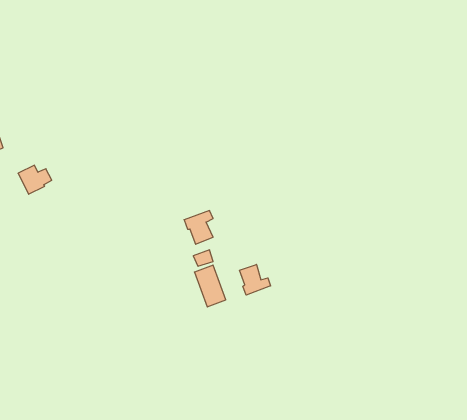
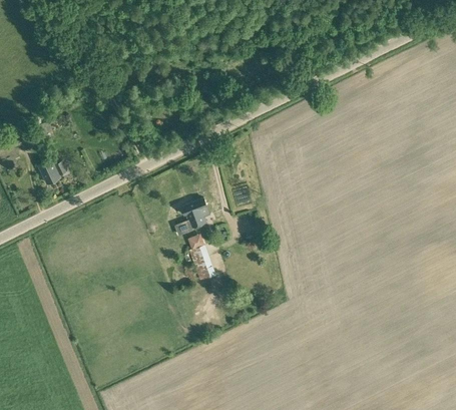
building: [239,264,271,295] -> none

